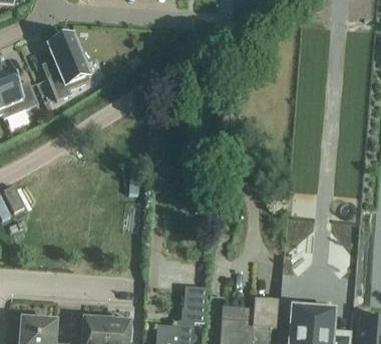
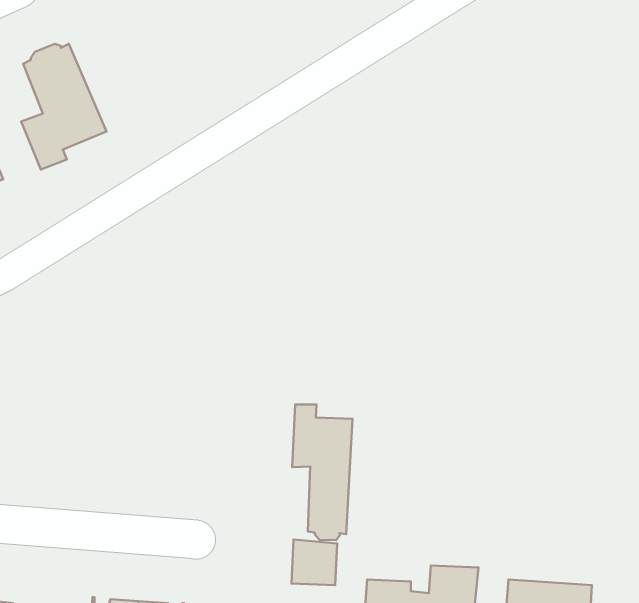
building: none -> [292,404,352,540]

